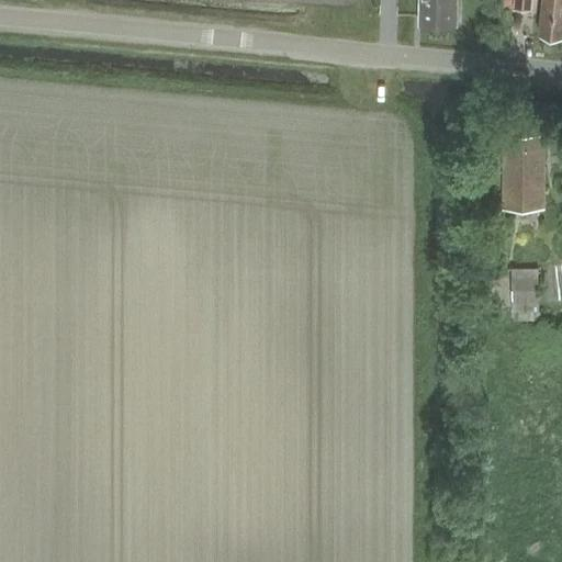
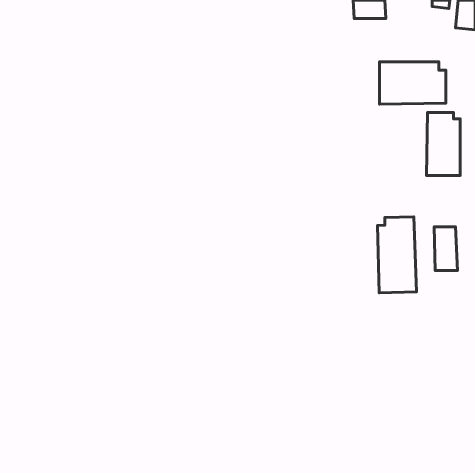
building: none -> [379,62,446,104]
building: none -> [378,217,416,293]

